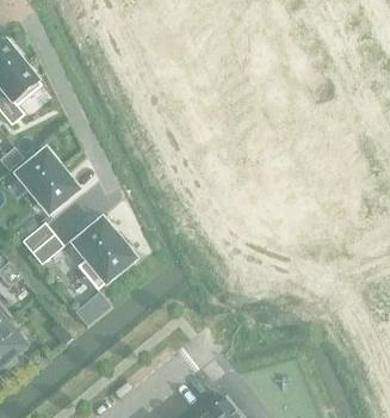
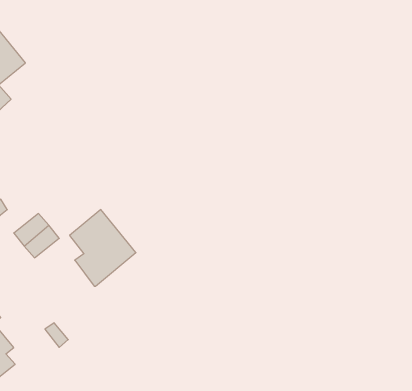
building: [17,148,78,211] -> none

